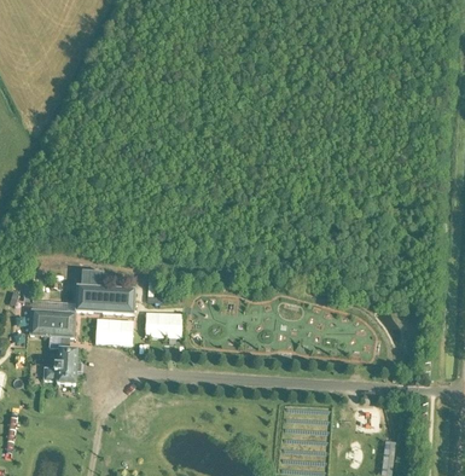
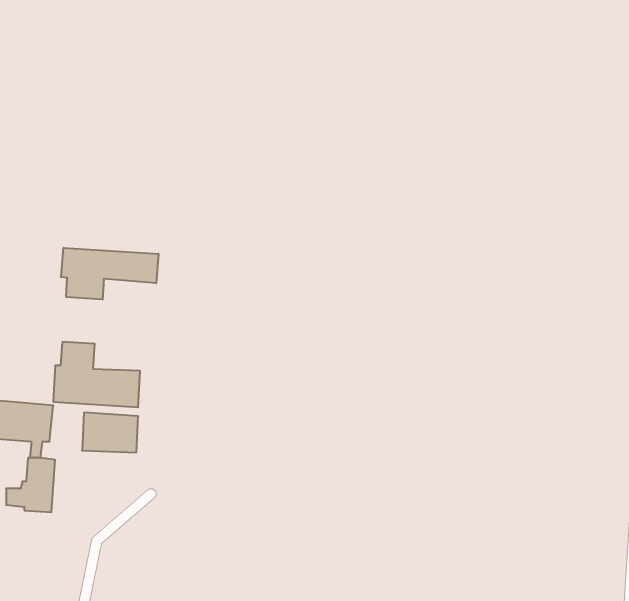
building: none -> [61,248,158,300]
building: [144,309,181,336] -> none

